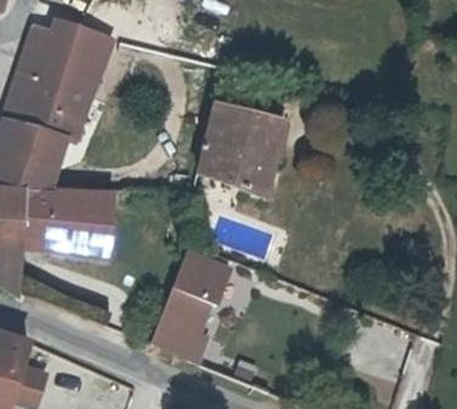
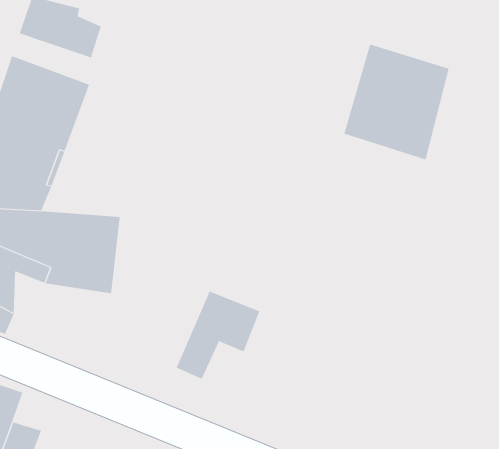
building: [25,34,114,85] -> none
building: [199,102,287,199] -> [343,44,450,160]
building: [154,297,216,358] -> none

